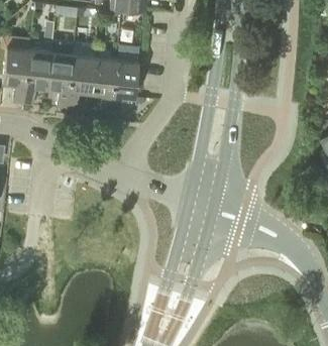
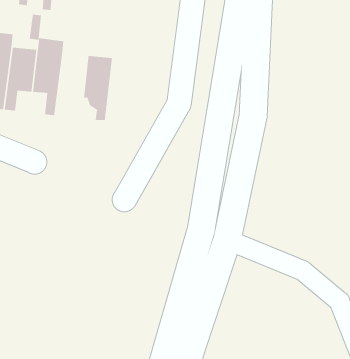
building: [67,54,95,110] -> none
building: [110,60,139,115] -> none

